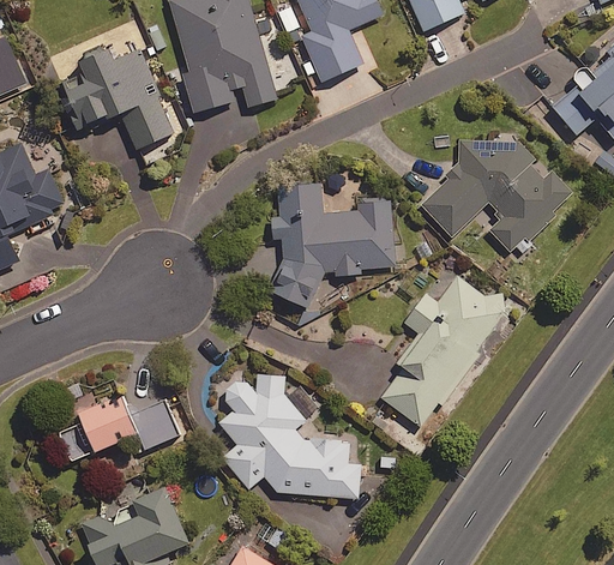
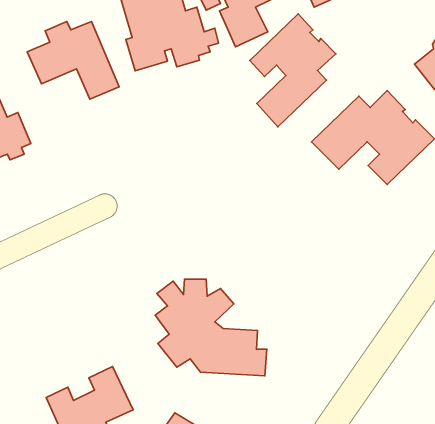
building: none -> [250,14,336,127]
building: [273,182,395,306] -> none
building: [383,276,505,426] -> none
building: [59,393,179,461] -> none

